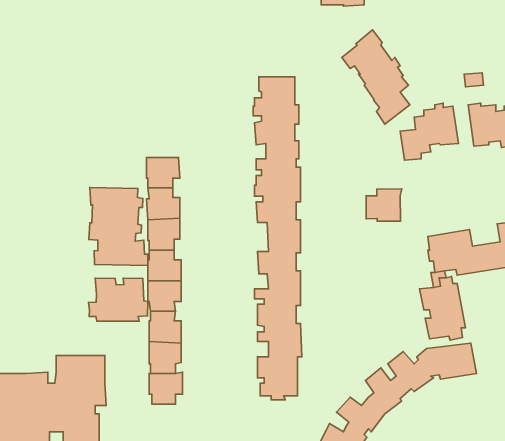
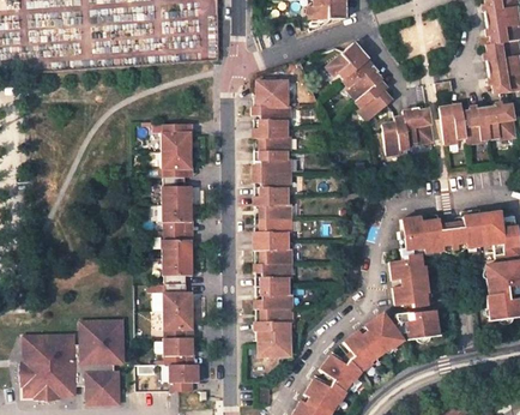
building: none -> [157,124,186,150]
building: [89,187,148,265] -> none
building: [366,189,402,221] -> none
building: [88,278,148,321] -> none
building: none -> [167,363,194,390]

